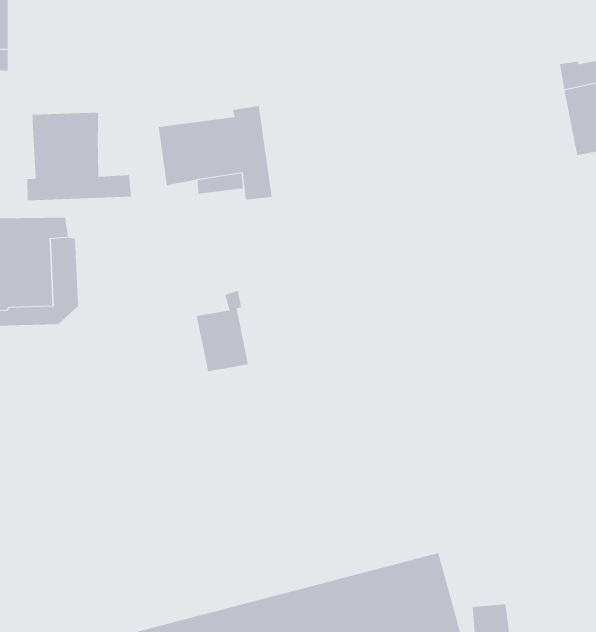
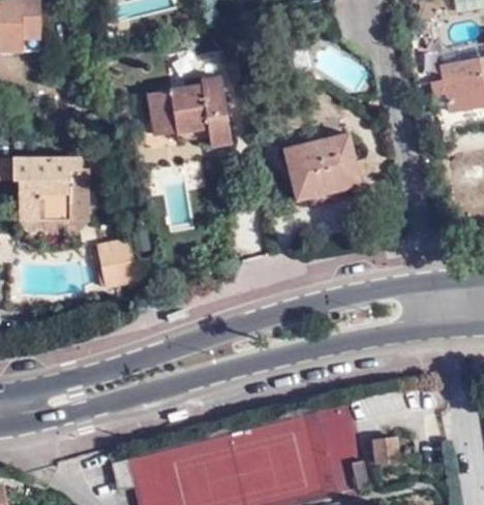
building: [27,112,131,201] -> none
building: none -> [283,135,357,198]
building: [196,290,249,372] -> [99,227,138,286]

